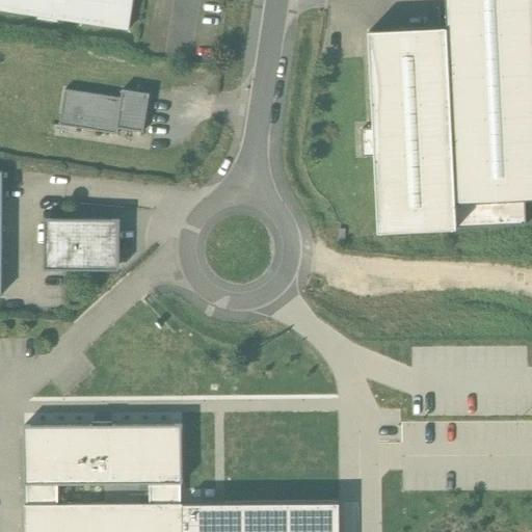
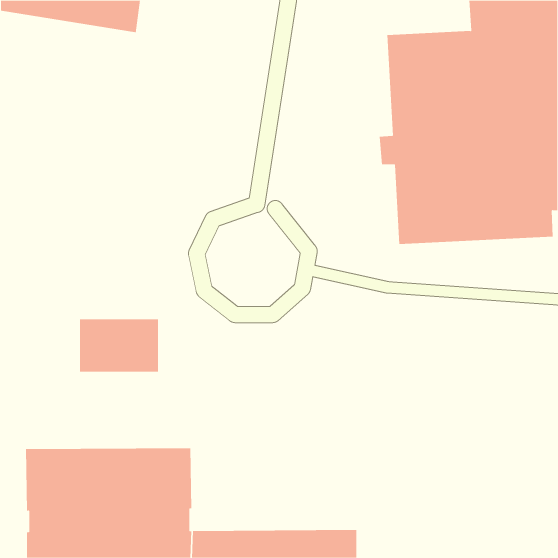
building: [59,90,150,135] -> none
building: [45,220,121,271] -> [79,319,159,372]

